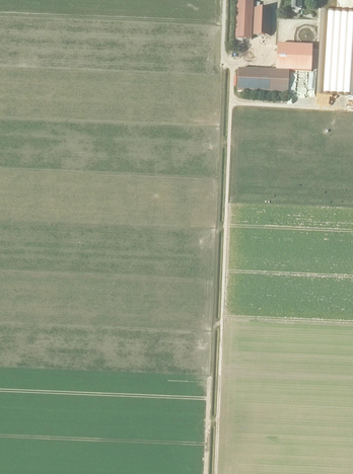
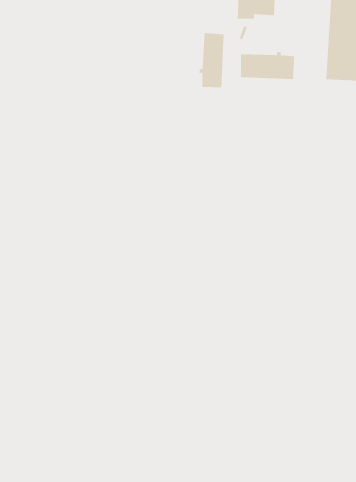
building: [277,42,312,68] -> none
building: none -> [199,32,224,88]

